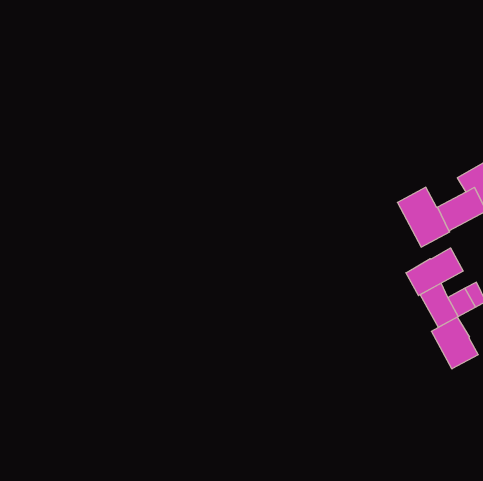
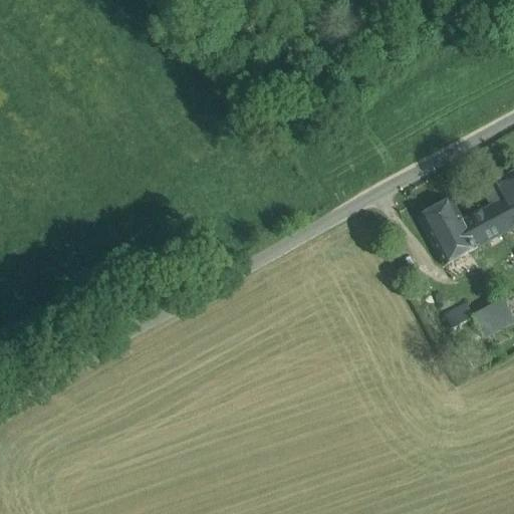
building: [406,248,463,296] -> none
building: [431,317,478,369] -> none

